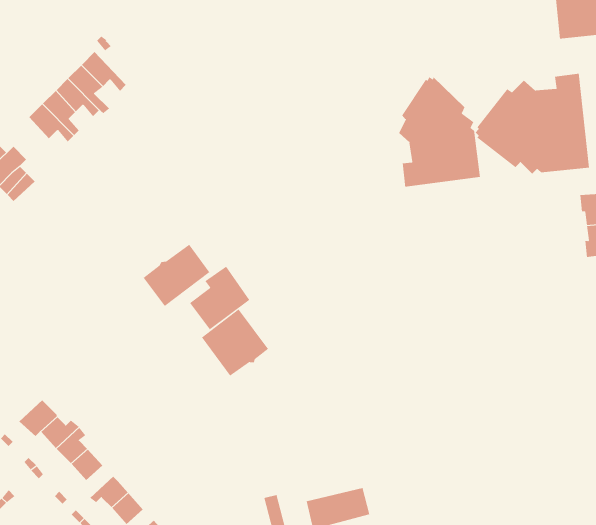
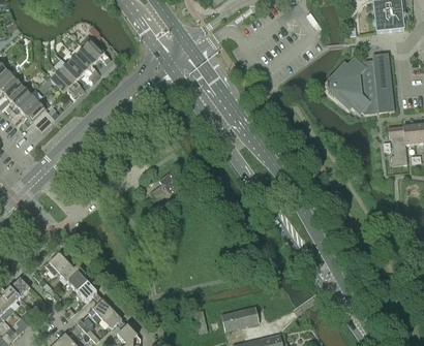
building: [399,76,481,188] -> none
building: [143,244,210,307] -> none
building: [201,309,269,376] -> none

